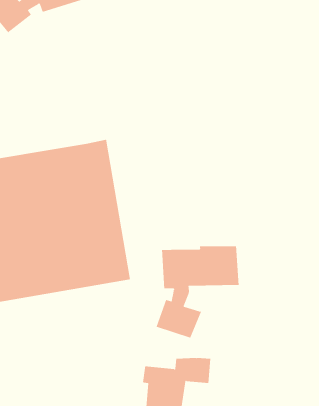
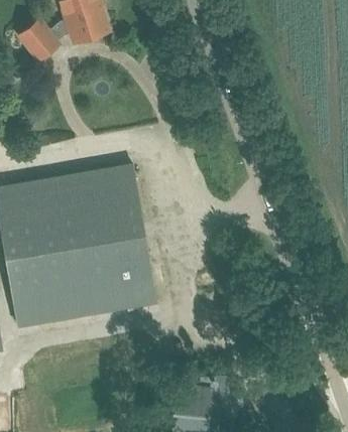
building: [156,246,239,338] -> none

